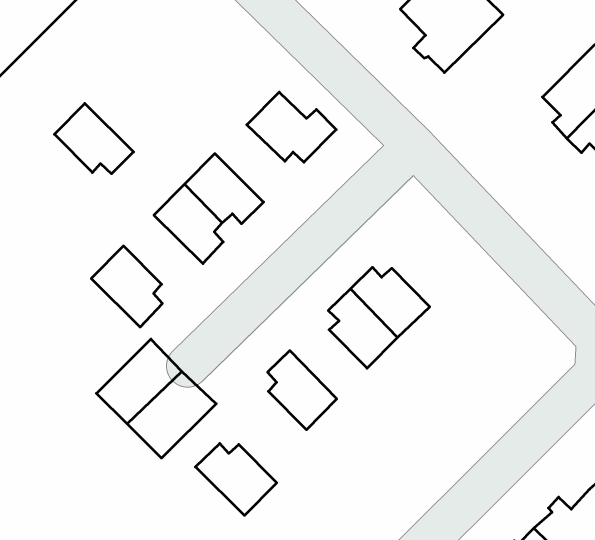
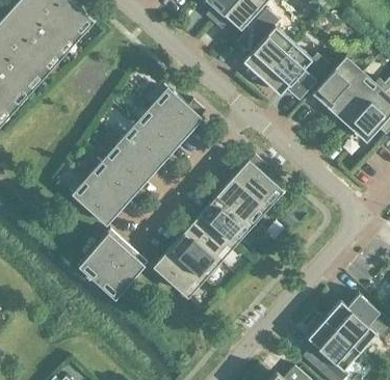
building: none -> [262,44,329,100]
building: [54,103,134,174] -> [93,163,136,200]
building: none -> [139,111,179,153]
building: none -> [237,156,278,205]
building: none -> [186,220,229,257]
building: [195,443,277,515] -> [153,255,198,294]

